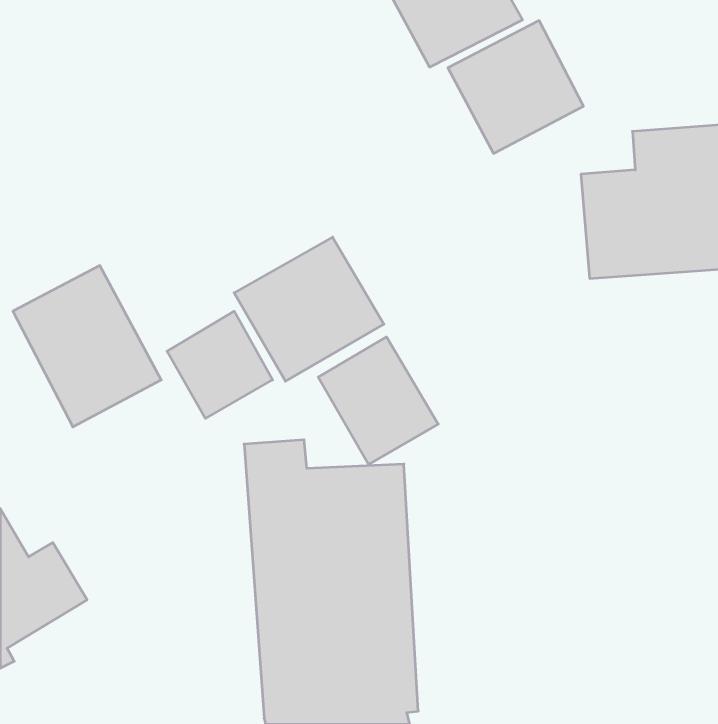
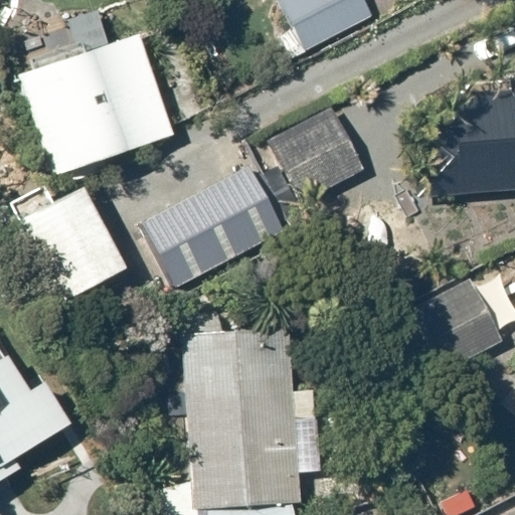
building: [448,21,583,153] -> [272,106,367,199]
building: none -> [19,32,173,174]
building: [318,337,438,465] -> none
building: none -> [409,277,507,375]

